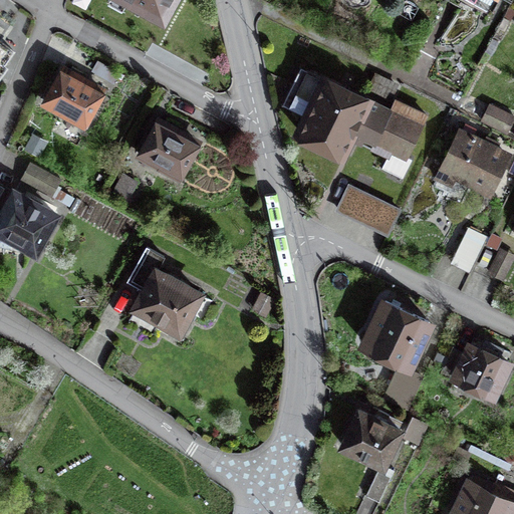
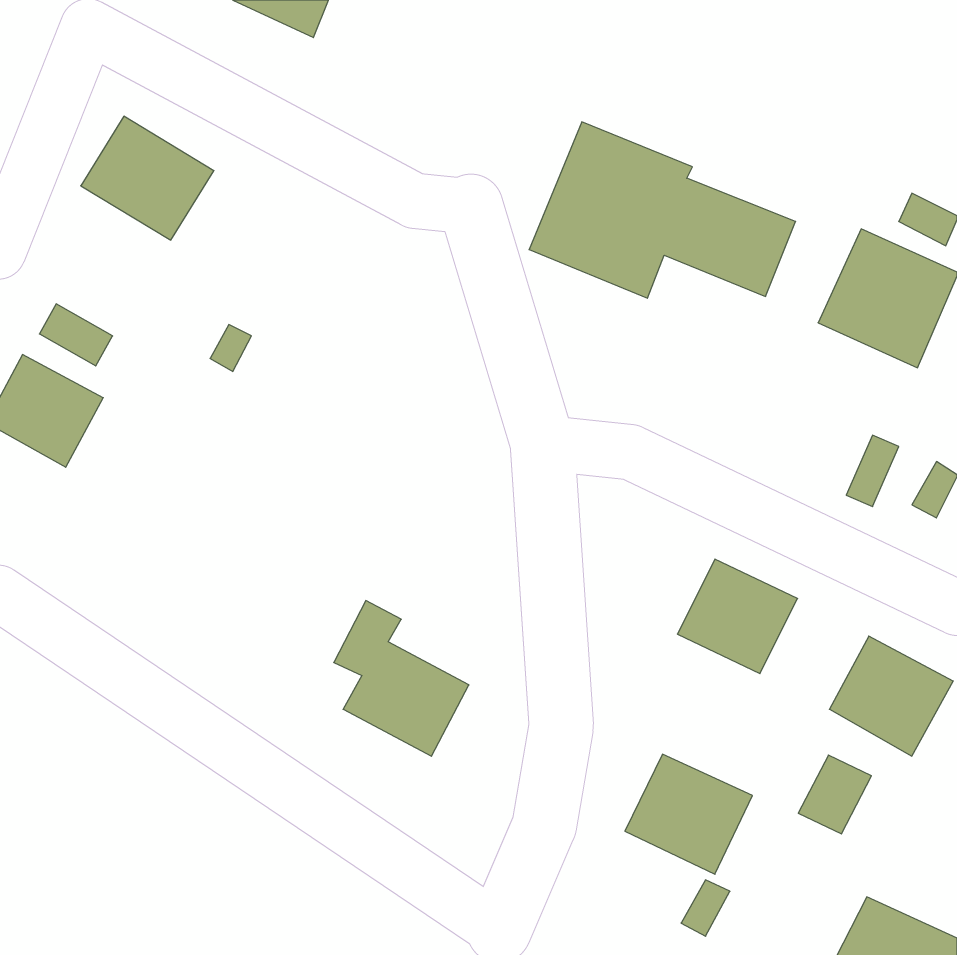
building: [136,109,210,178] -> none
building: [335,187,401,239] -> none
building: [127,249,200,332] -> [334,601,469,756]
building: [382,367,422,410] -> [798,755,871,834]

